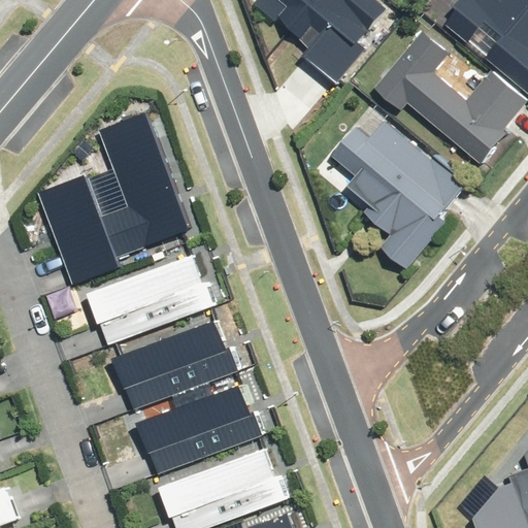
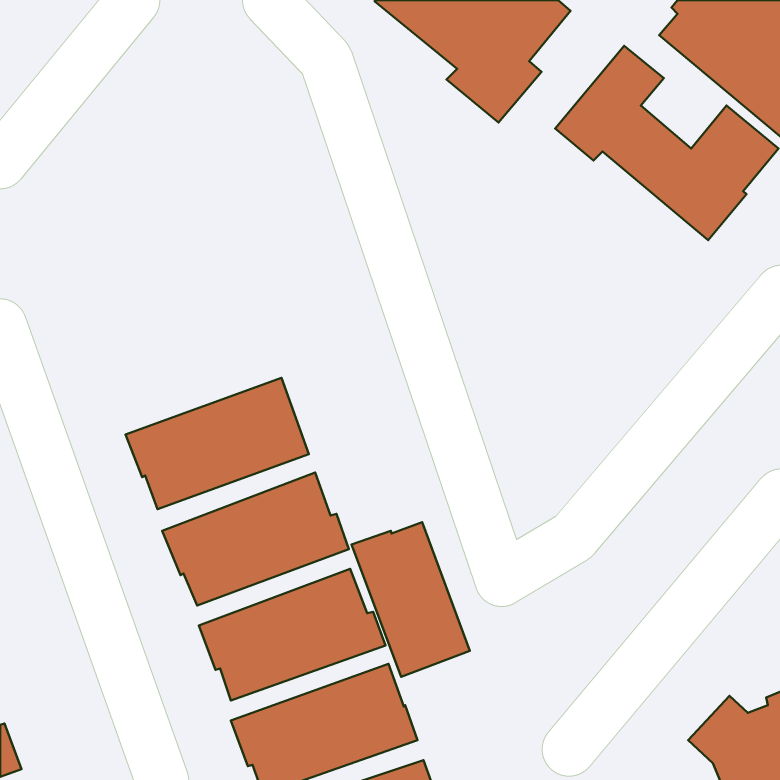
building: [38,112,189,284] -> none
building: [332,116,467,269] -> none
building: none -> [352,522,470,677]

